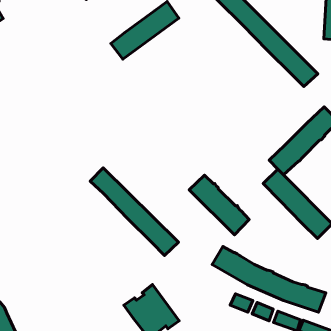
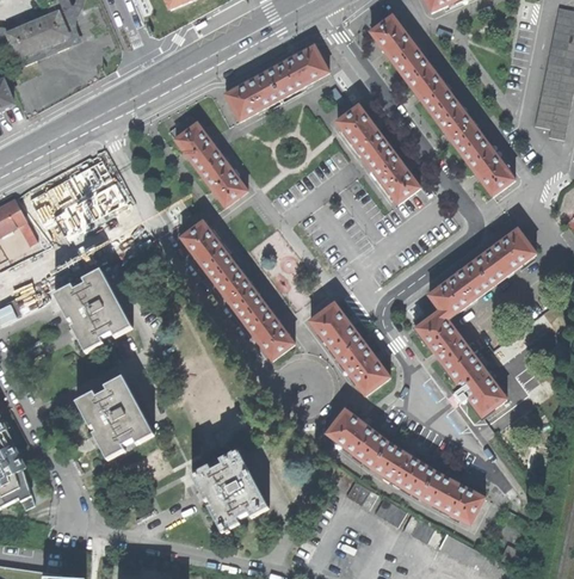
building: none -> [337,106,419,204]
building: none -> [167,115,246,208]
building: [90,168,178,256] -> [179,222,294,361]
building: none -> [56,269,134,351]
building: none -> [78,376,155,458]

